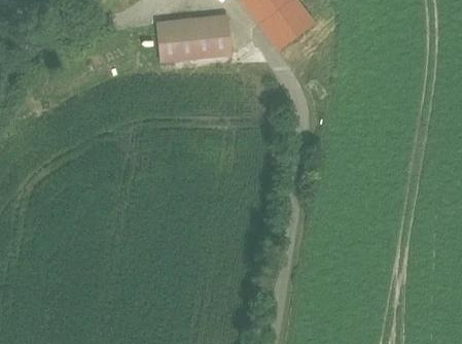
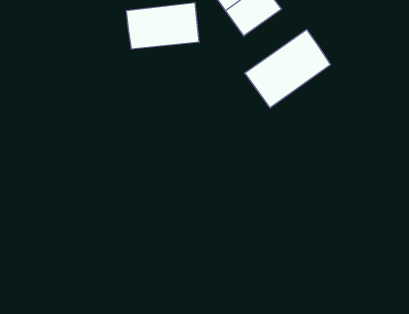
building: none -> [245,30,330,108]

